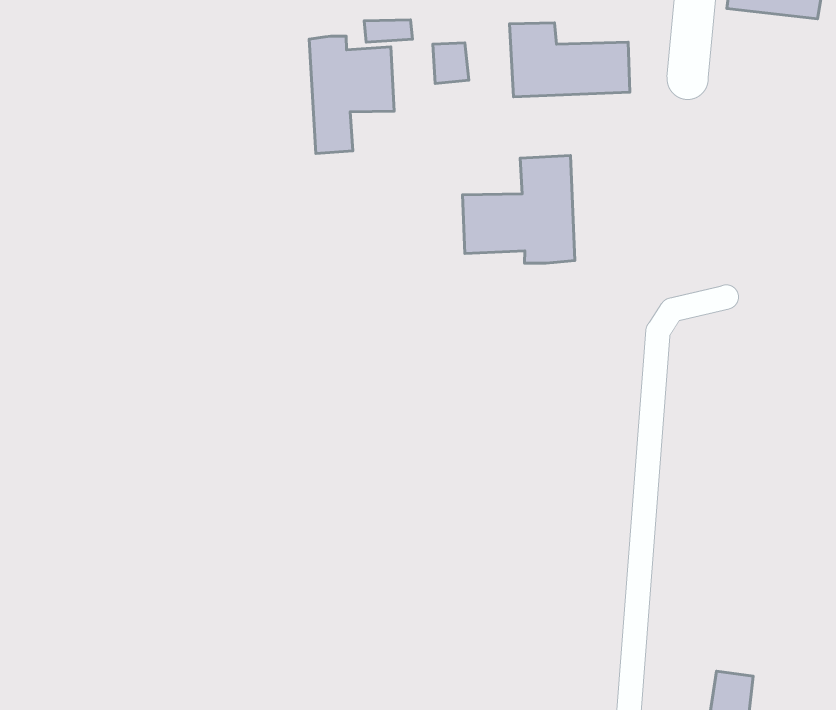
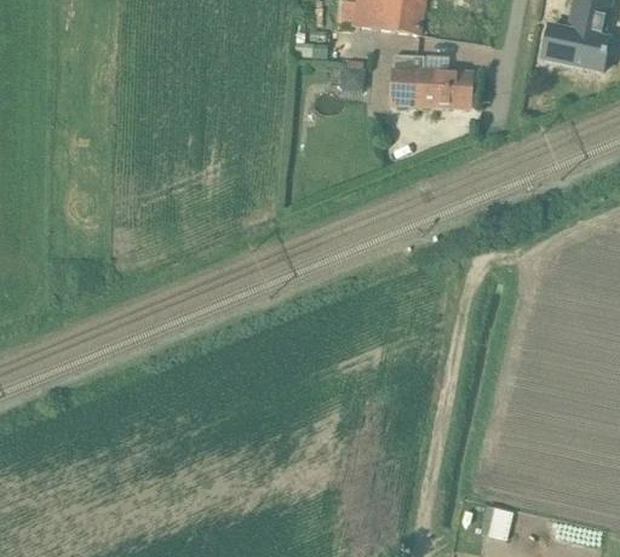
building: [309,36,394,154] -> none
building: [463,155,575,263] -> none

